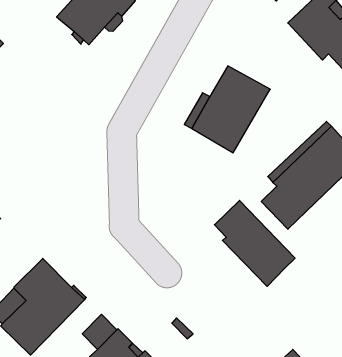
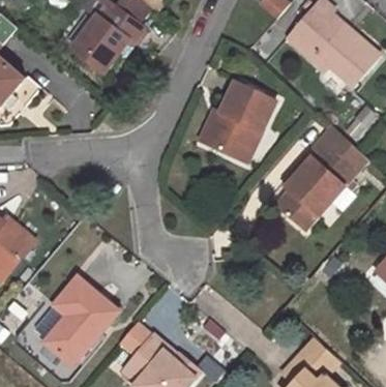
building: [214,200,295,286] -> none

